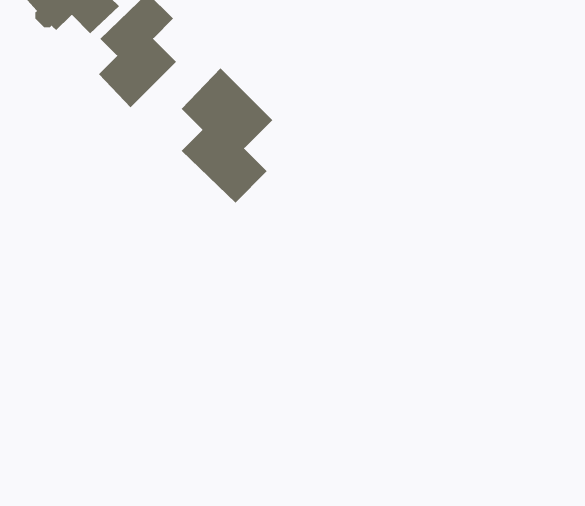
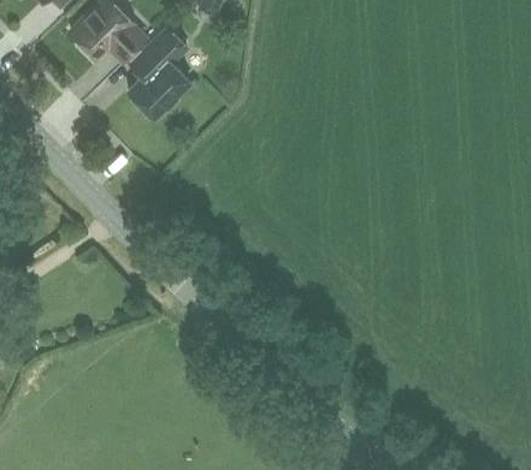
building: [181,67,273,203] -> none

